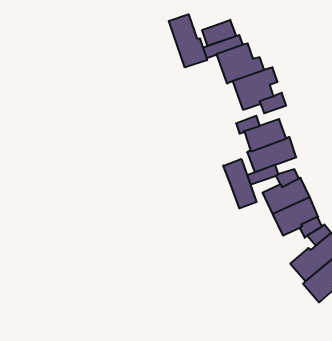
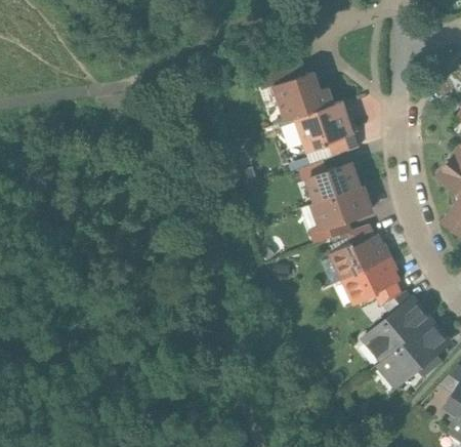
building: [169,14,207,67] -> none
building: [202,20,236,46] -> none
building: [223,159,257,208] -> none

